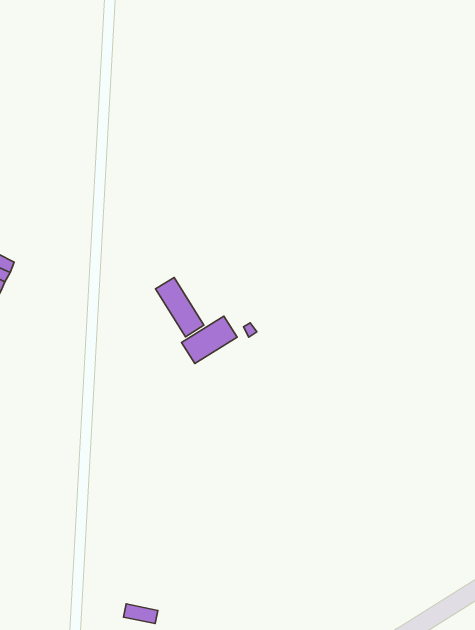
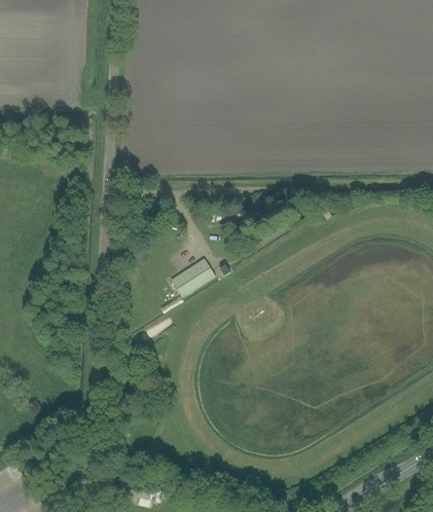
building: [156,277,204,337] -> none

